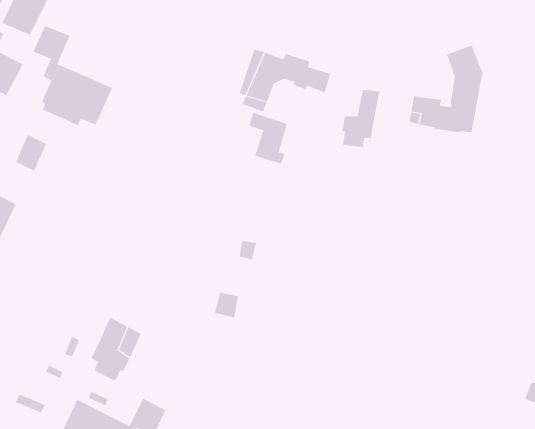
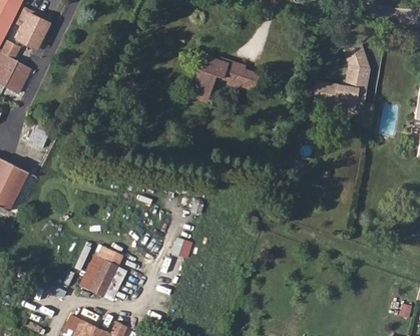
building: [33,25,113,126] -> none
building: [342,89,380,148] -> none
building: [249,112,288,164] -> none

